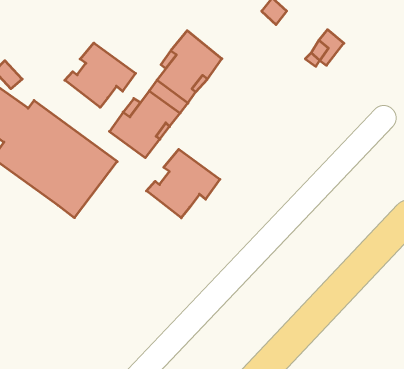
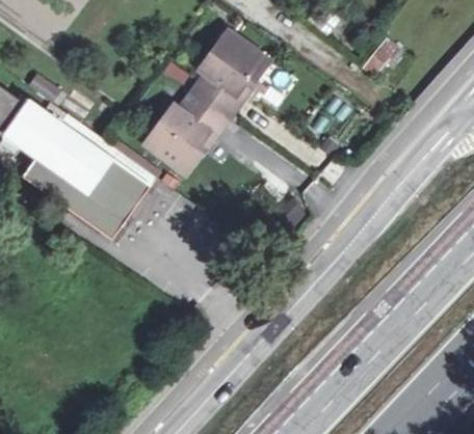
building: [65,43,136,107] -> none
building: [146,149,220,218] -> none

